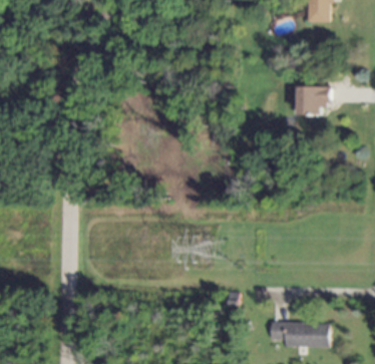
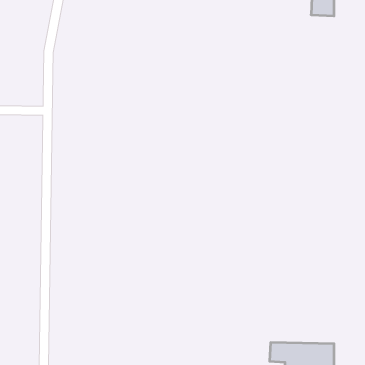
building: [299,85,331,114] -> none

